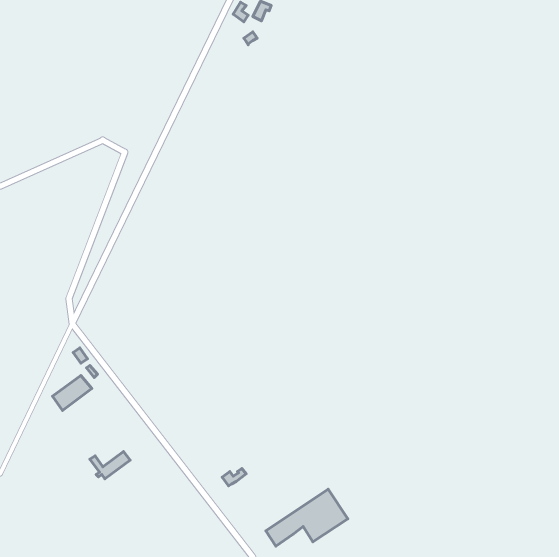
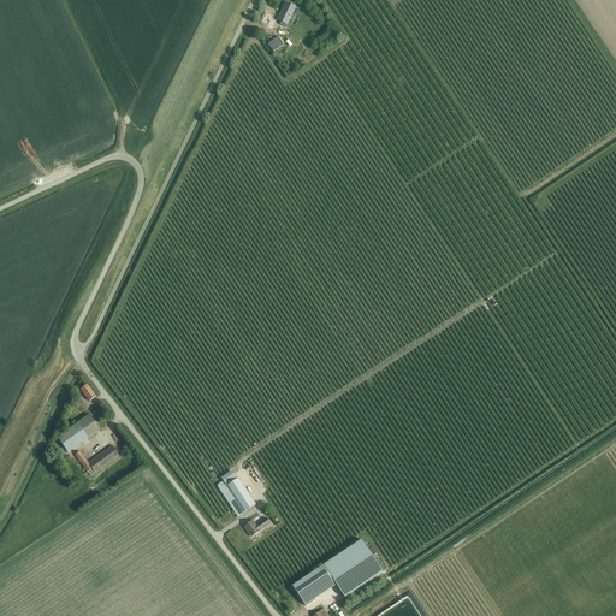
building: none -> [218,472,256,515]
building: [90,452,130,479] -> [75,444,119,474]

